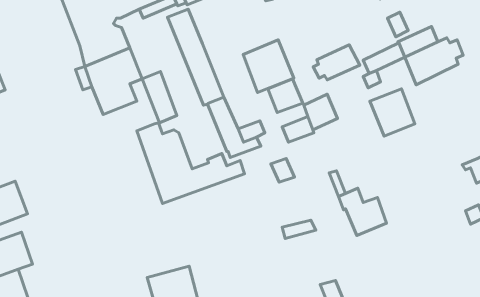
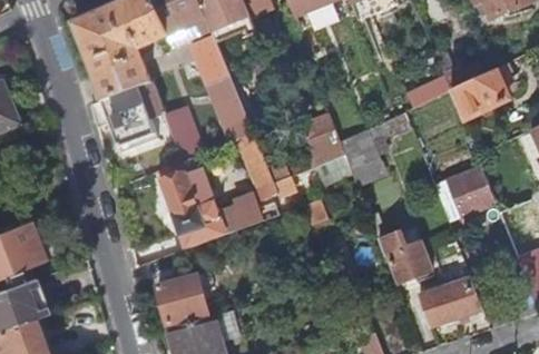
building: [243,40,294,93] -> none
building: [313,45,360,80] -> none
building: [370,89,415,136] -> [447,165,496,216]
building: none -> [159,272,214,323]
building: none -> [419,277,483,328]

